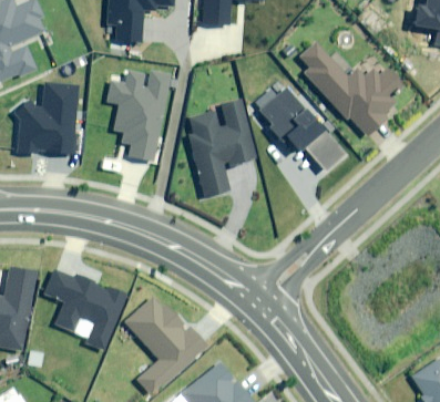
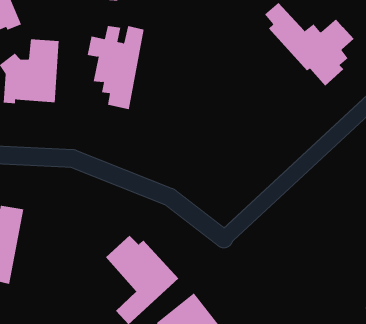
building: [254,80,345,169] -> none
building: [190,101,255,197] -> none
building: [44,270,126,351] -> none

